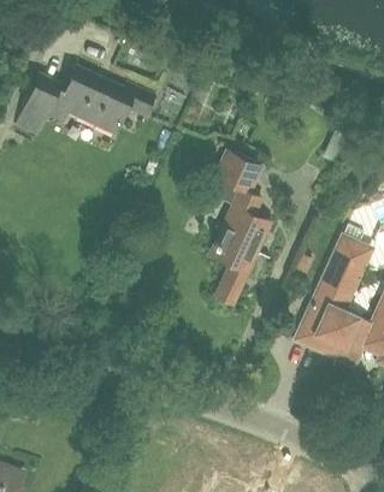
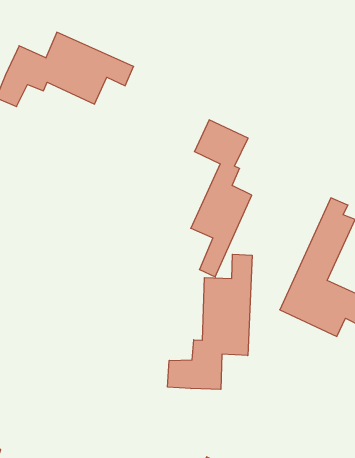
building: none -> [168,254,252,389]

